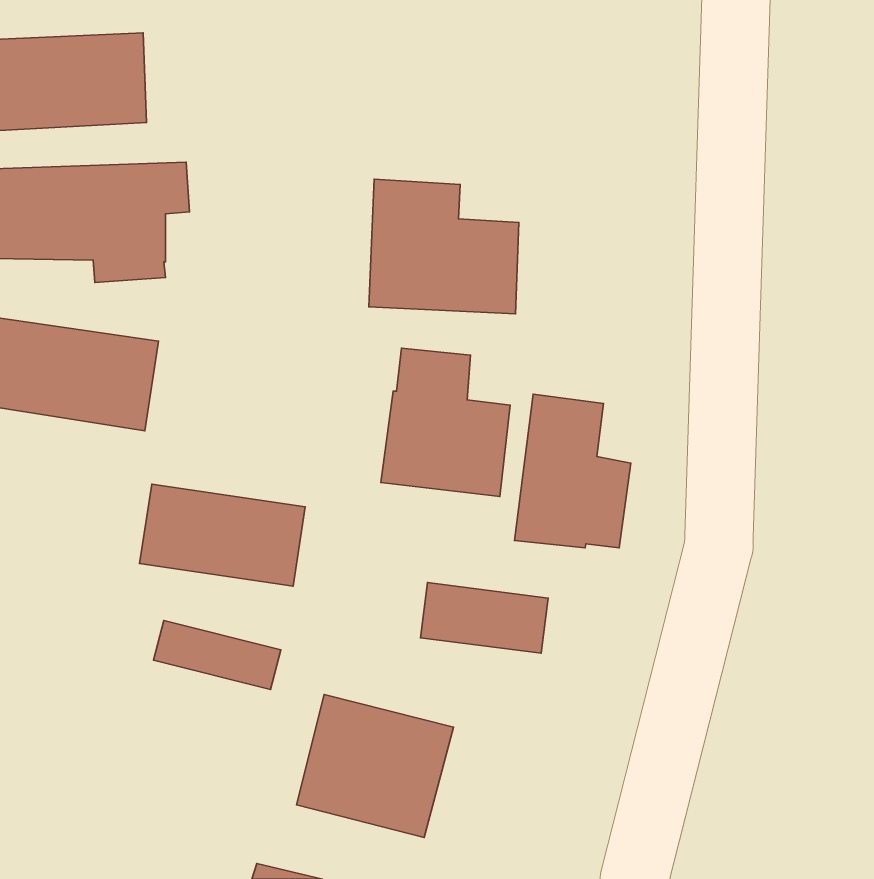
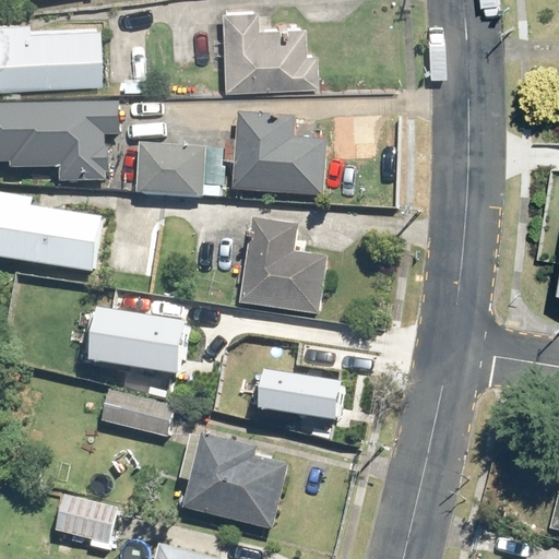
building: none -> [215,7,308,88]
building: none -> [133,146,203,194]
building: [514,394,631,548] -> none
building: none -> [59,497,118,545]

